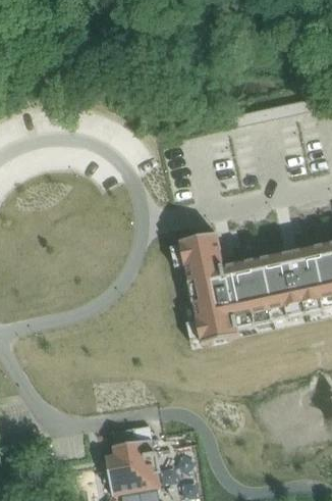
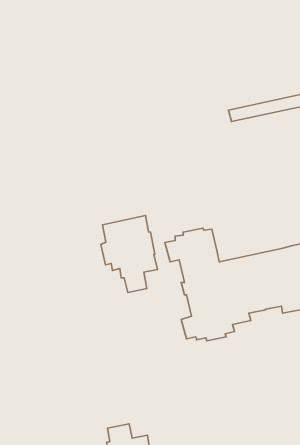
building: none -> [101,216,158,292]

